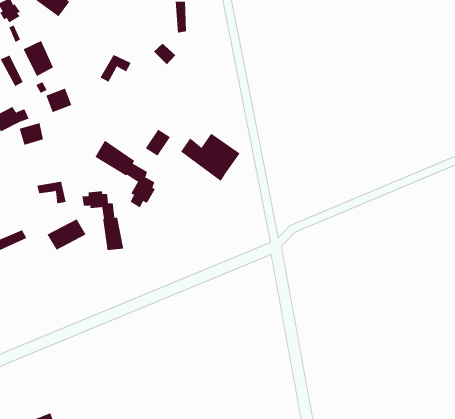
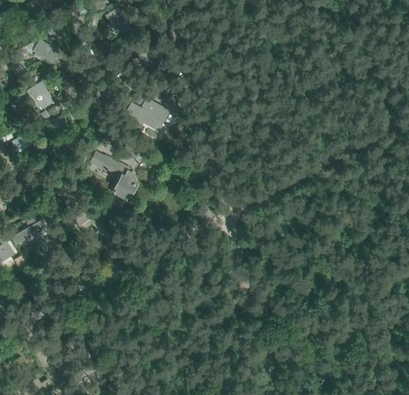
building: [180,133,240,182] -> [126,97,170,132]
building: [82,190,124,251] -> none

